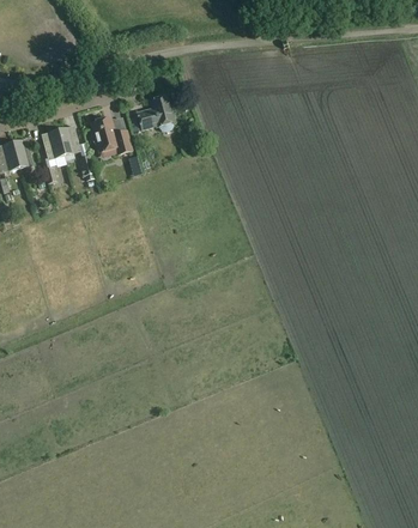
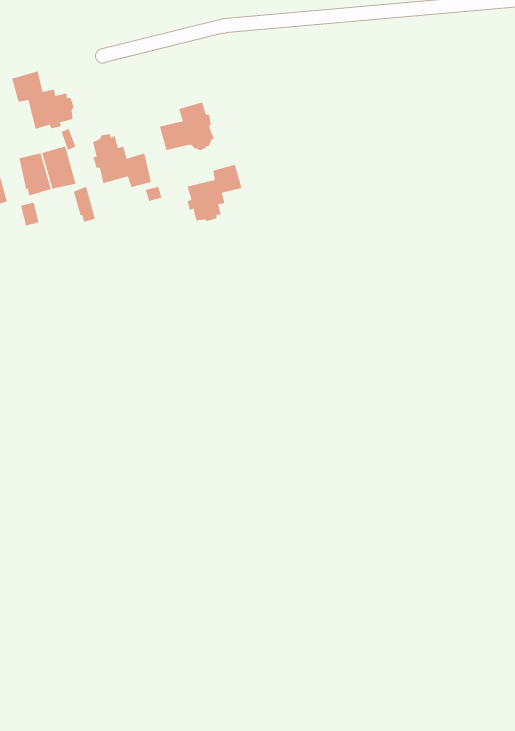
building: none -> [11,70,74,130]
building: none -> [187,164,242,222]

